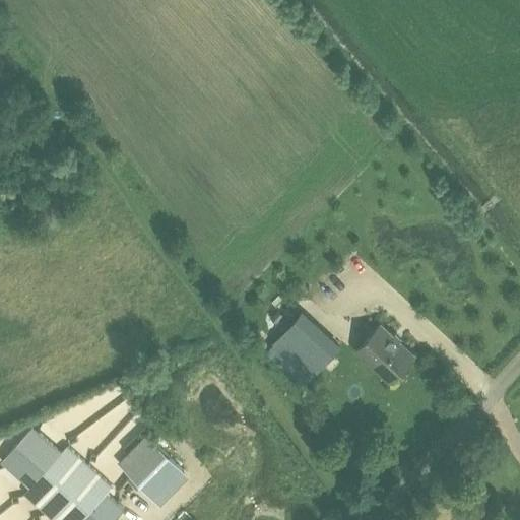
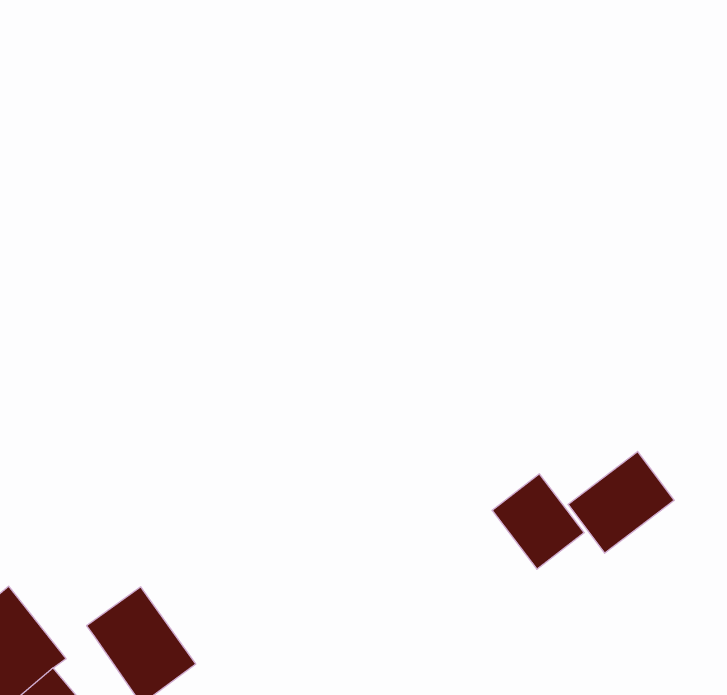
building: none -> [568,451,674,553]
building: [270,312,340,380] -> none

